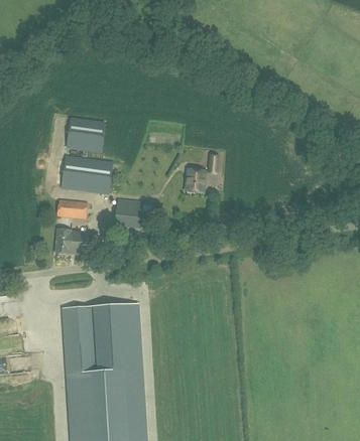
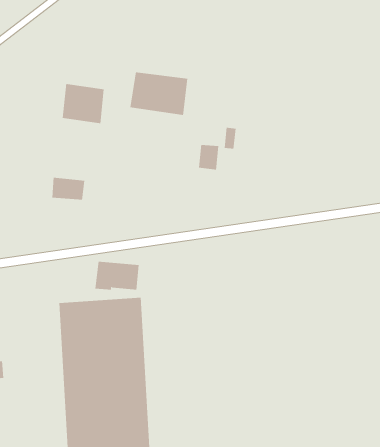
building: [61,156,112,194] -> [129,72,188,116]
building: [115,199,143,228] -> none
building: [53,230,93,255] -> [94,261,139,290]

